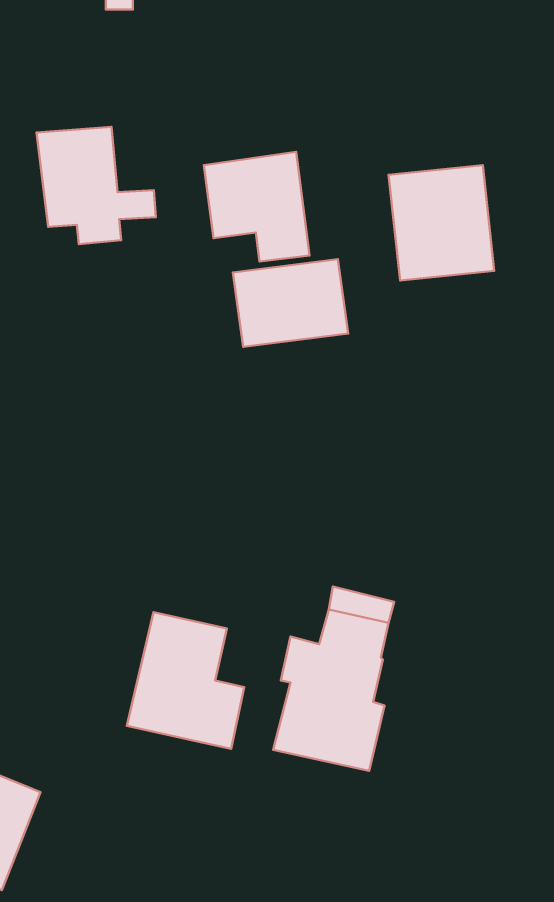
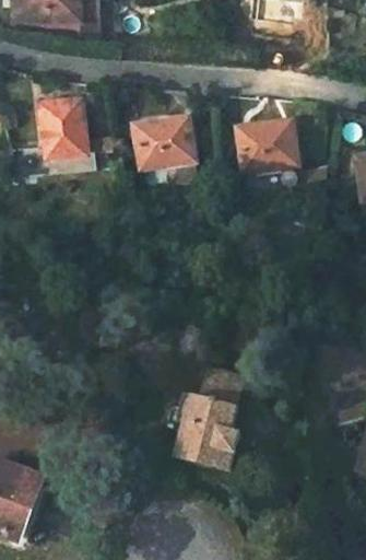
building: [233,259,348,347] -> none
building: [127,612,244,749] -> none

